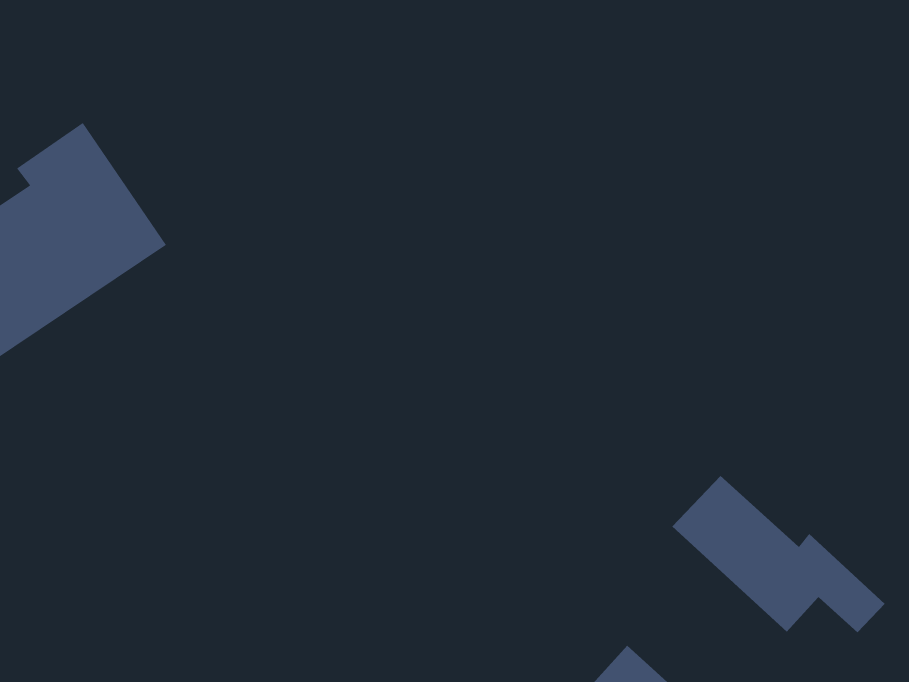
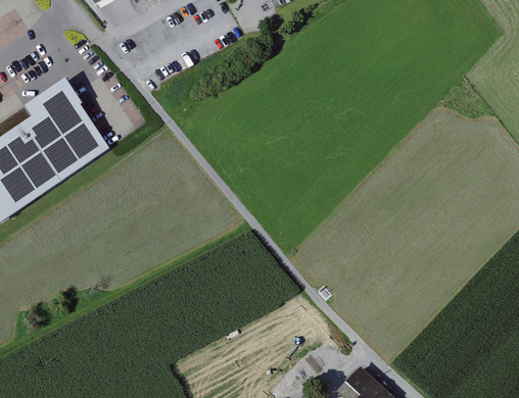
building: [671,475,885,633] -> none

